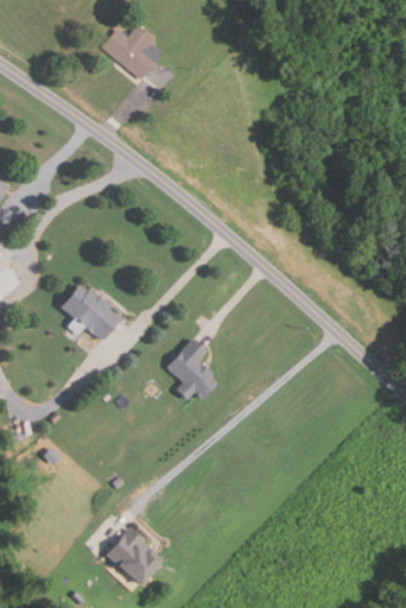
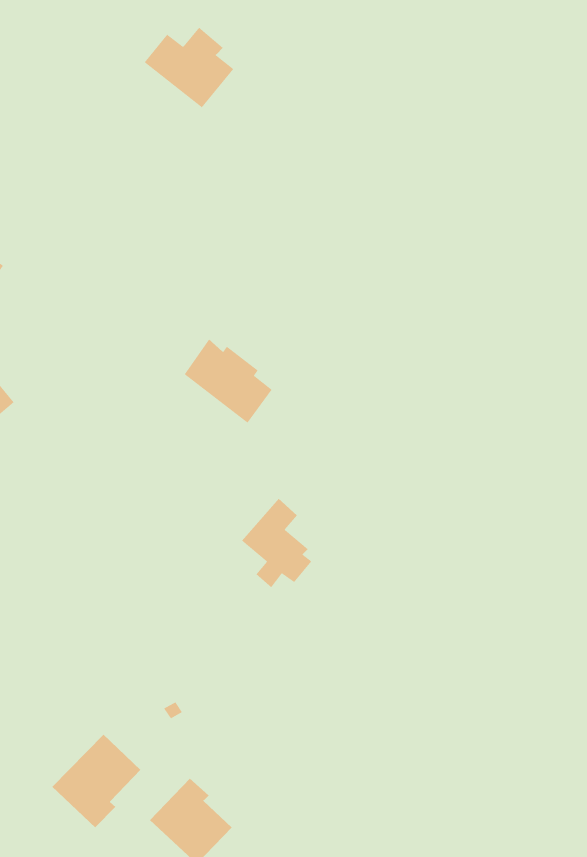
building: [59,284,119,341] -> [184,339,273,424]
building: none -> [51,734,141,828]

